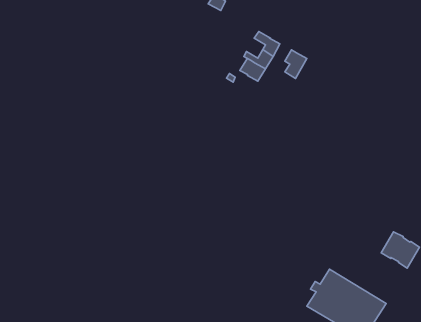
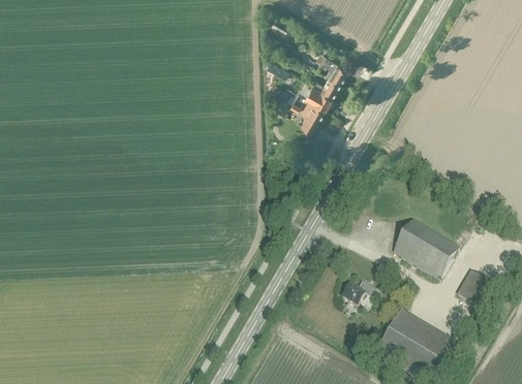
building: [285,50,307,78] -> [299,97,323,128]
building: none -> [392,218,458,277]
building: none -> [340,279,375,303]

